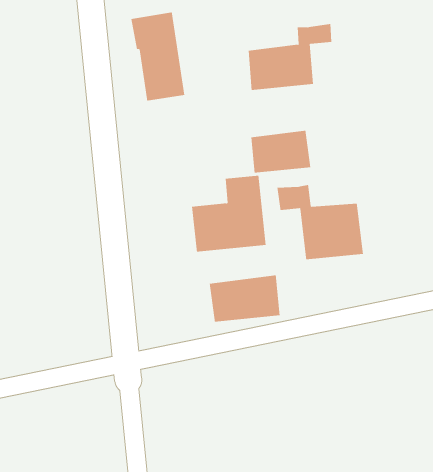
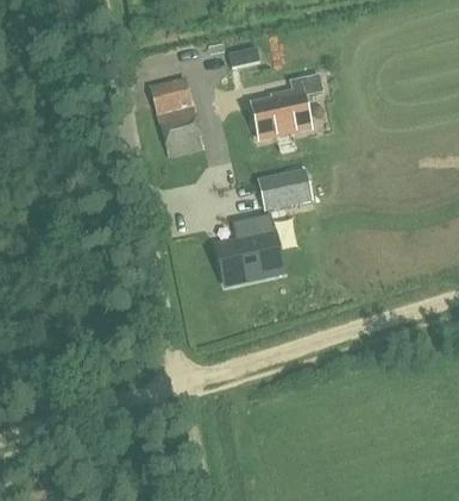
building: [277,184,363,260] -> none
building: [209,275,280,323] -> none

